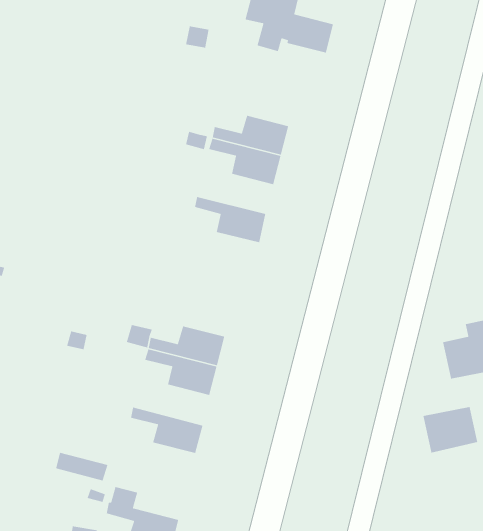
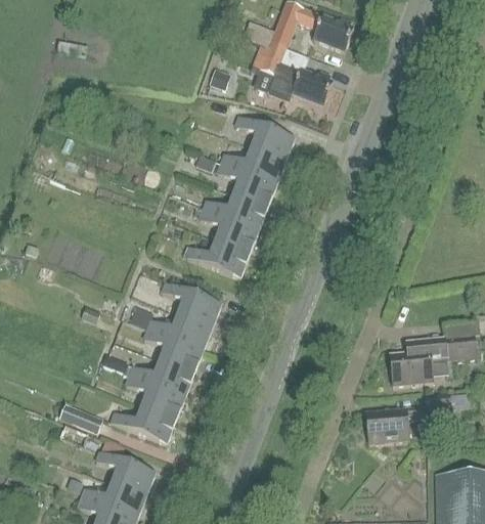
building: none -> [235,116,295,161]
building: none -> [203,194,267,230]
building: none -> [184,241,250,277]
building: none -> [162,281,221,326]
building: none -> [102,355,193,397]
building: none -> [111,406,176,443]

